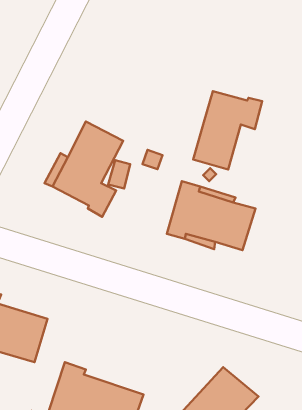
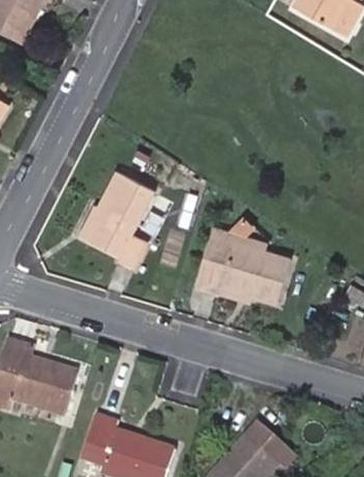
building: [193,91,262,170] -> none

